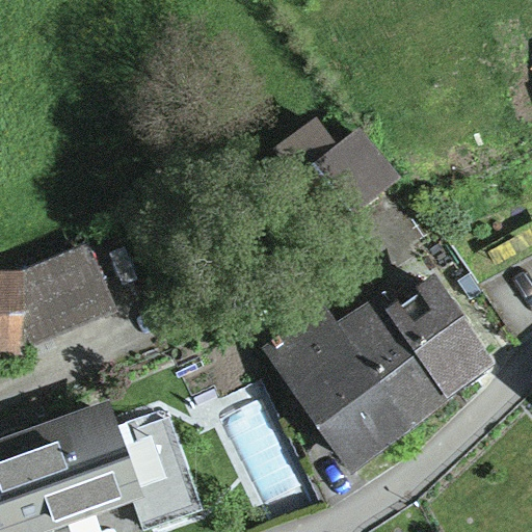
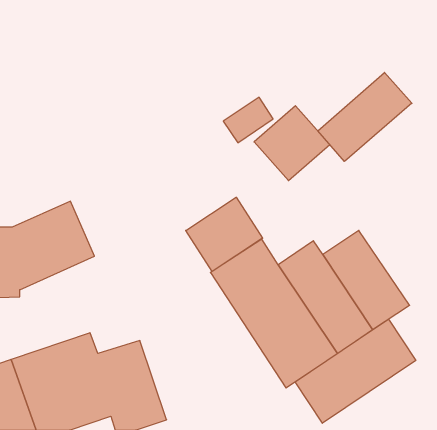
building: none -> [318,72,412,161]
building: none -> [186,197,263,271]
building: none -> [295,319,416,423]

